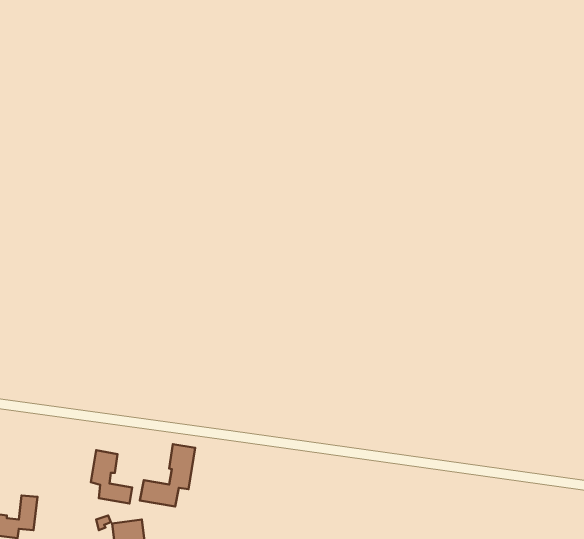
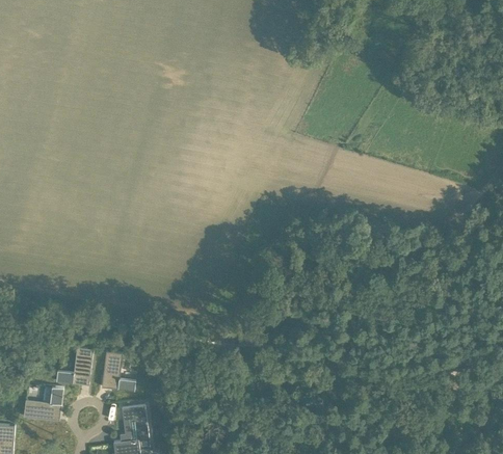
building: [140,444,195,506] -> none
building: none -> [55,347,92,384]

